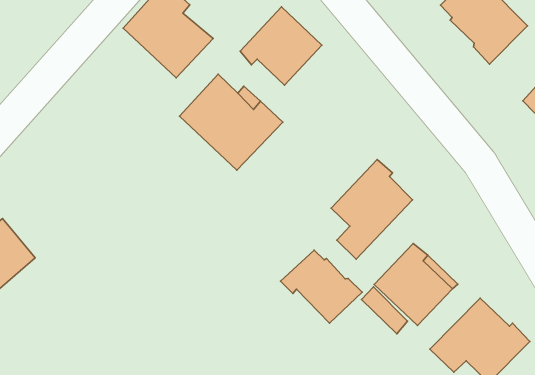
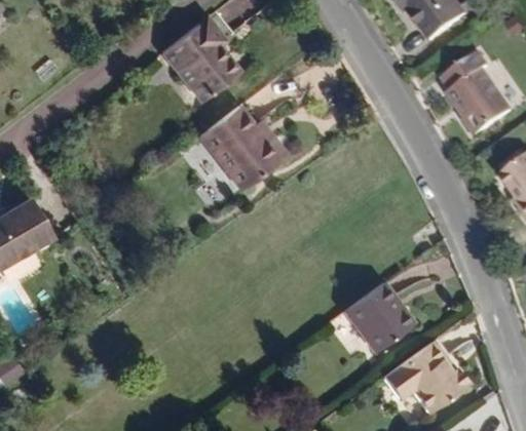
building: [240,7,322,85] -> none
building: [331,159,413,259] -> none
building: [280,250,362,323] -> none

